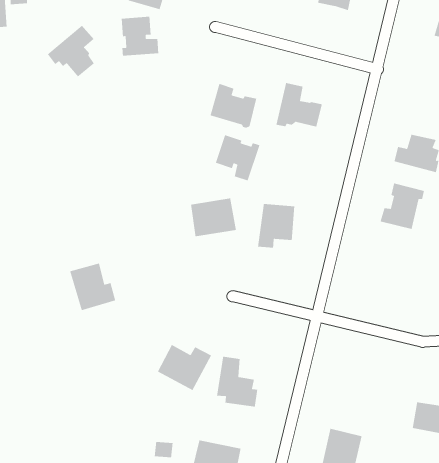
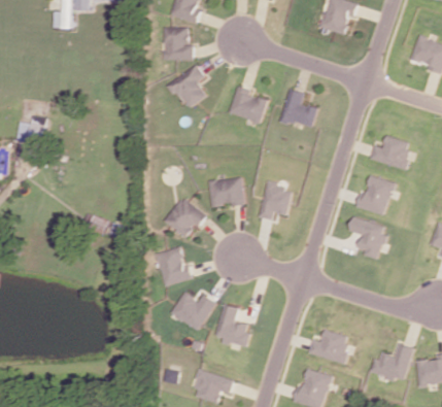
building: [47,25,95,78] -> [164,63,203,105]
building: [215,134,261,182] -> none
building: none -> [163,197,206,237]
building: none -> [352,216,388,258]
building: [69,262,116,311] -> [156,247,192,285]
building: none -> [310,330,351,363]

